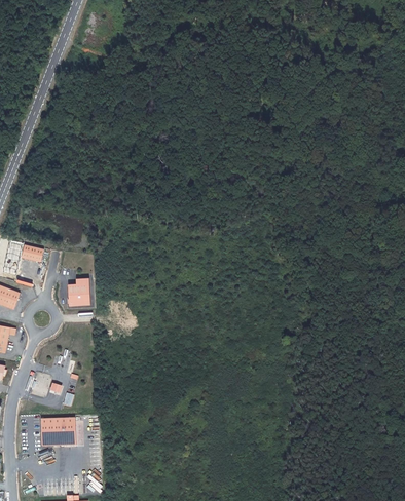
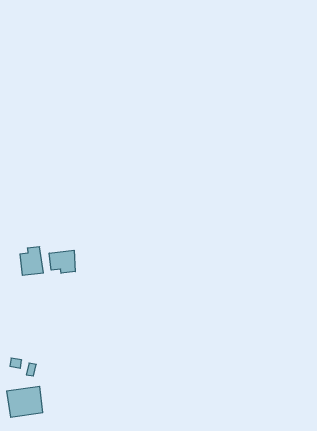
building: none -> [49,250,75,273]

